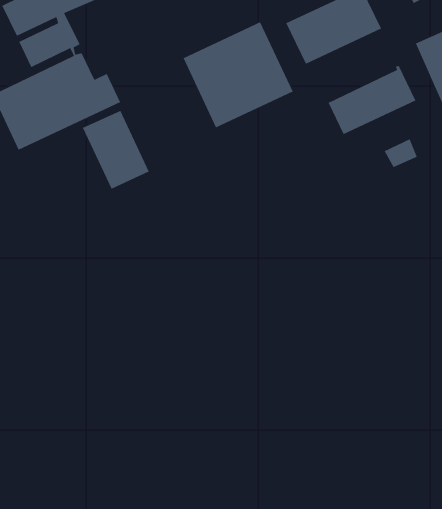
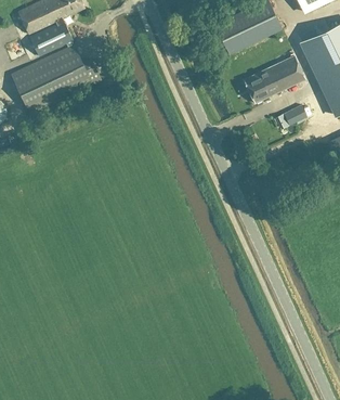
building: [182,21,294,128] -> none
building: [82,110,150,190] -> none

